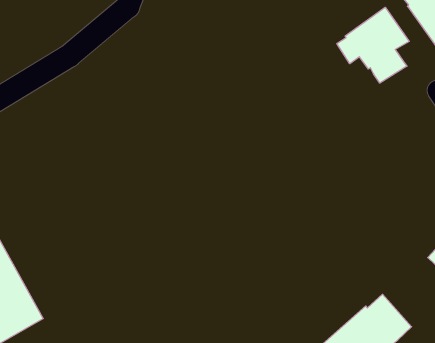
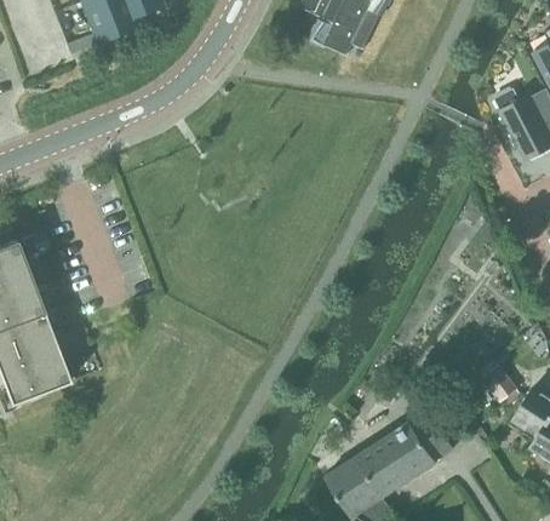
building: [337,7,409,83] -> none

